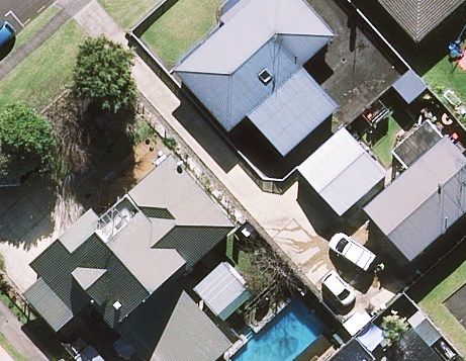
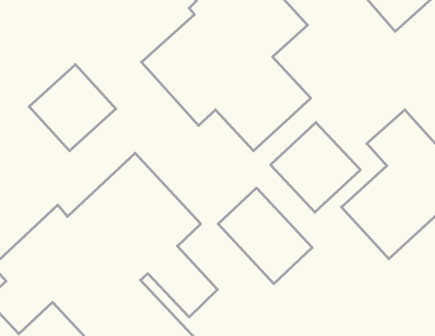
building: none -> [29,64,116,151]
building: none -> [218,188,312,284]

